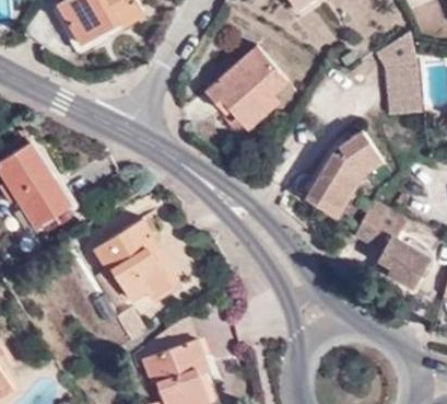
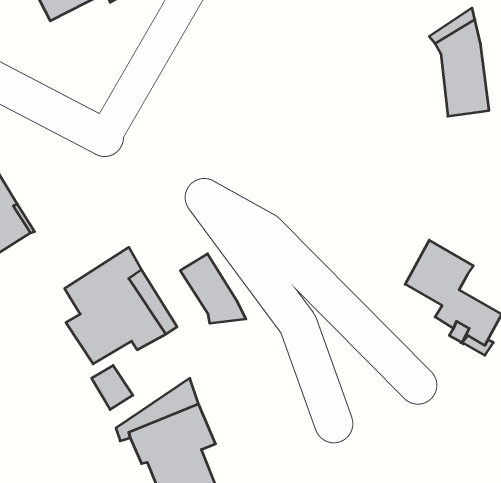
building: [200,59,283,130] -> none
building: [304,129,381,215] -> none
building: none -> [180,254,246,323]

